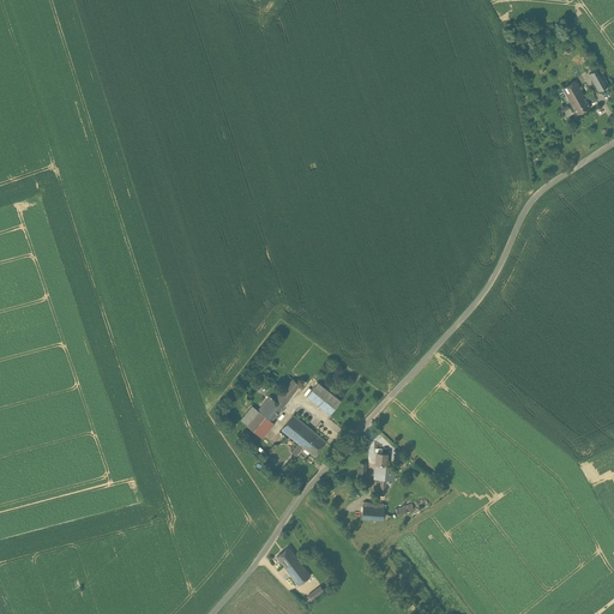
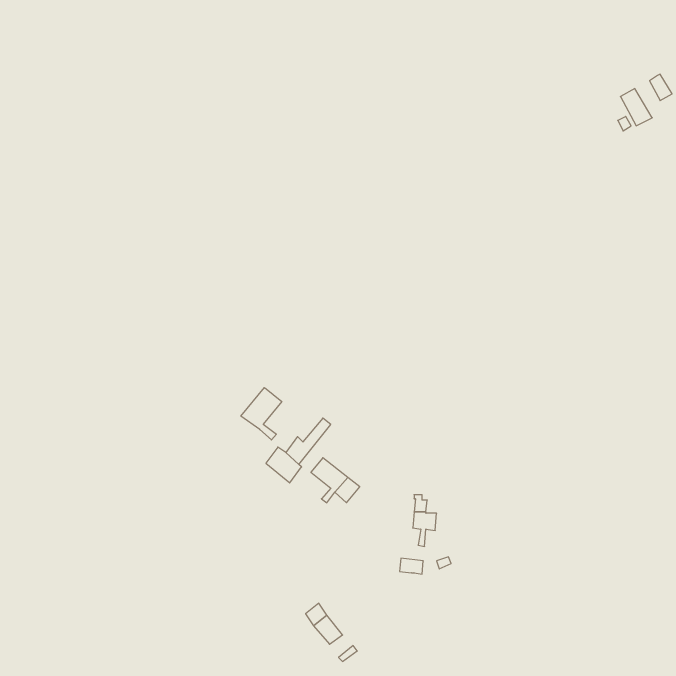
building: none -> [241,388,282,440]
building: [306,381,341,415] -> none

